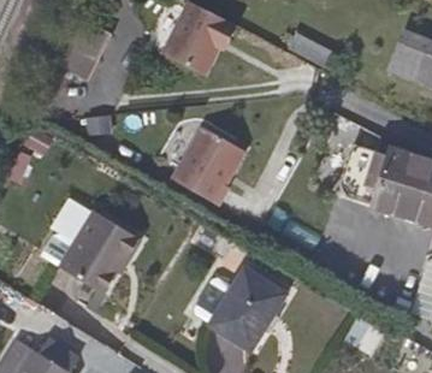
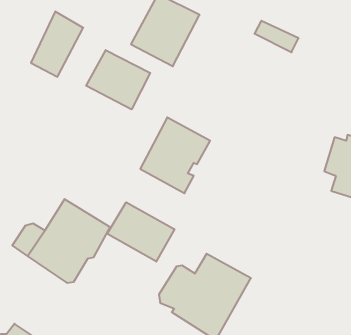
building: none -> [86,50,150,109]
building: none -> [107,202,174,262]

